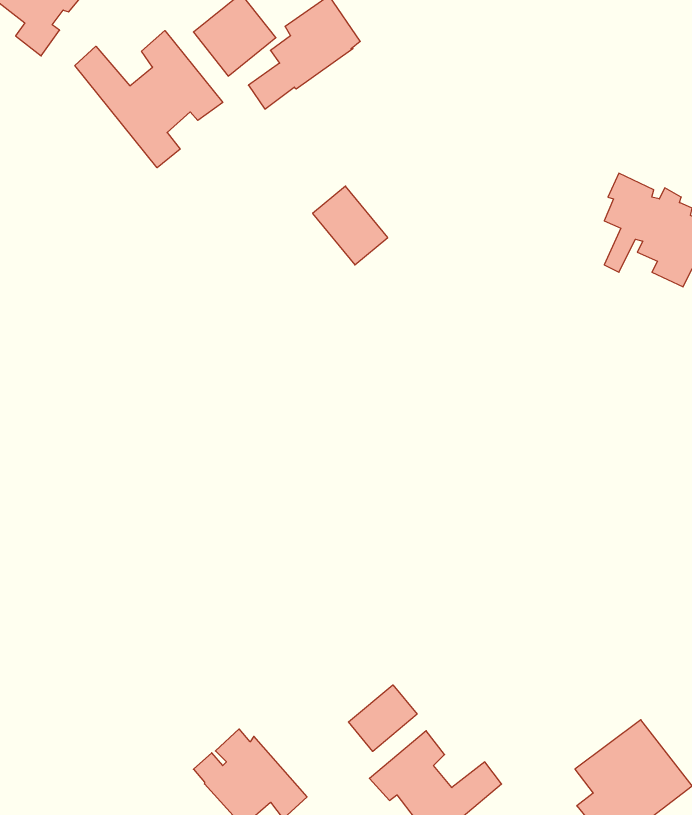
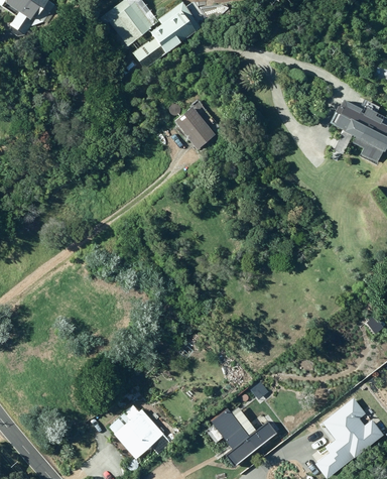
building: [75,31,223,168] -> none
building: [348,685,417,751] -> none

